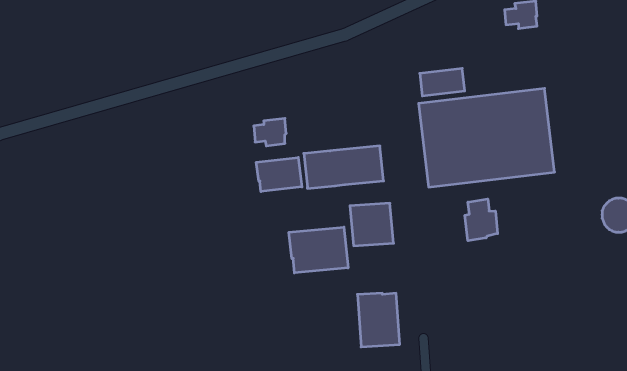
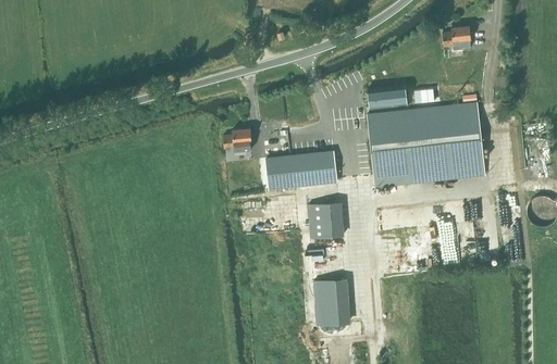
building: [256,157,302,192] -> none
building: [465,199,498,241] -> none
building: [289,227,348,273] -> none

